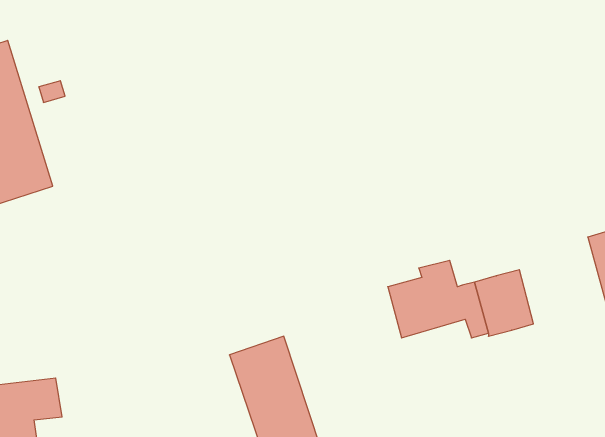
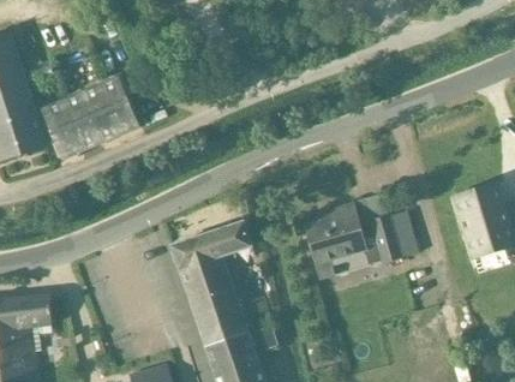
building: none -> [41,78,137,159]
building: none -> [172,222,251,277]

